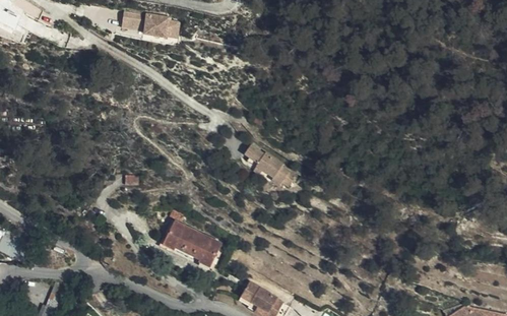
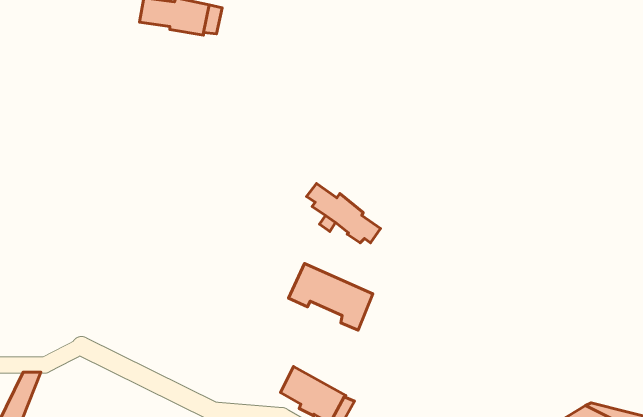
building: [168,220,227,267] -> [288,263,373,330]

